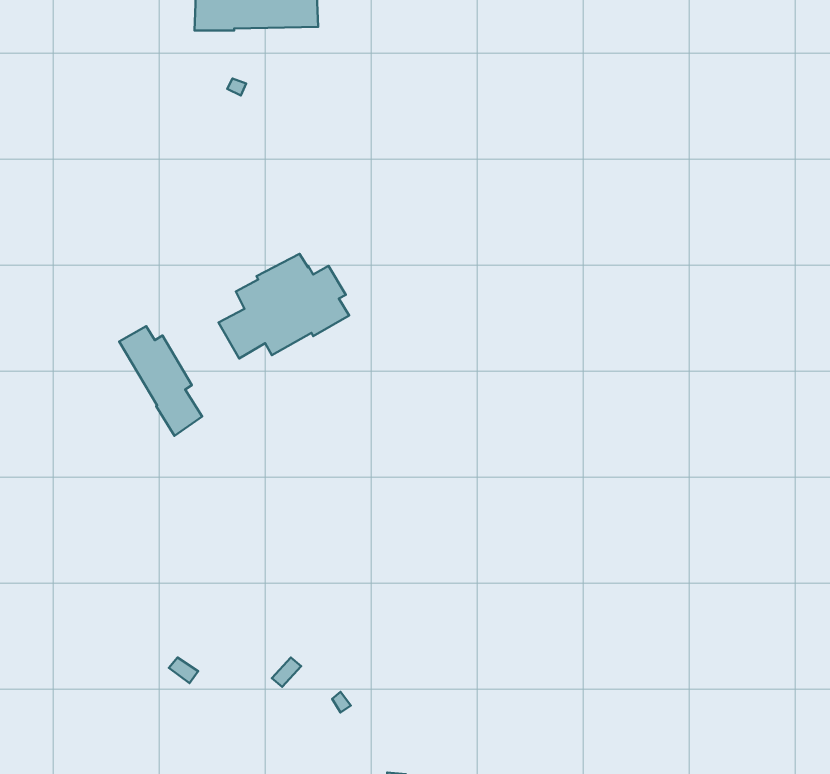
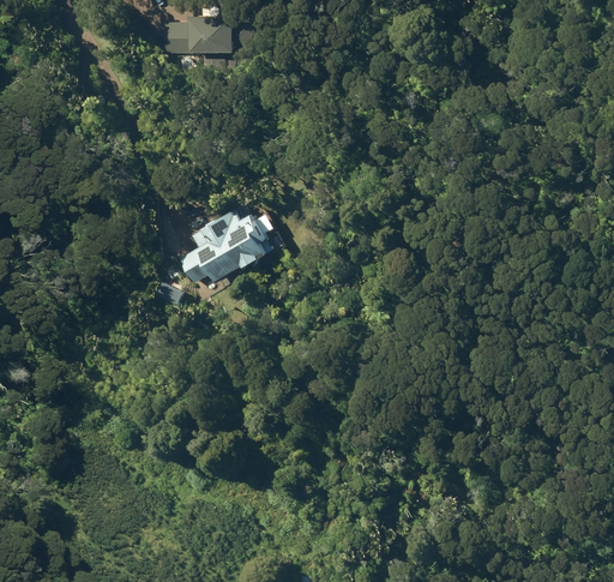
building: [119,326,202,436] -> none

